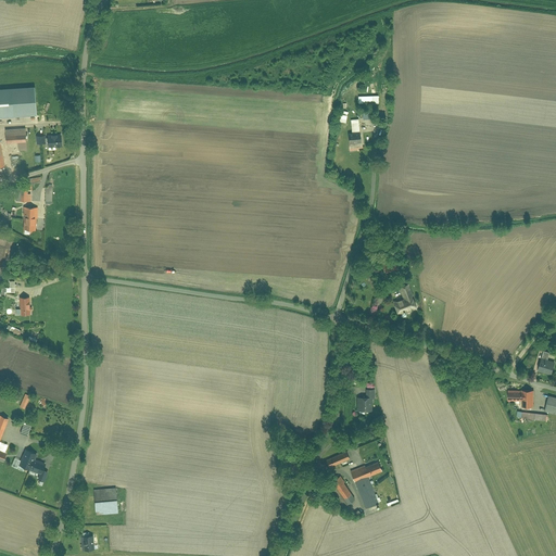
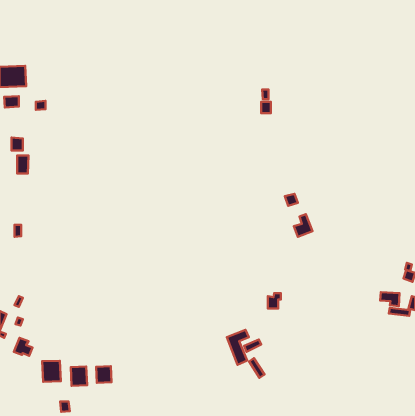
building: [351,462,380,508] -> [227,330,249,365]
building: none -> [42,361,61,382]
building: none -> [96,366,112,383]

